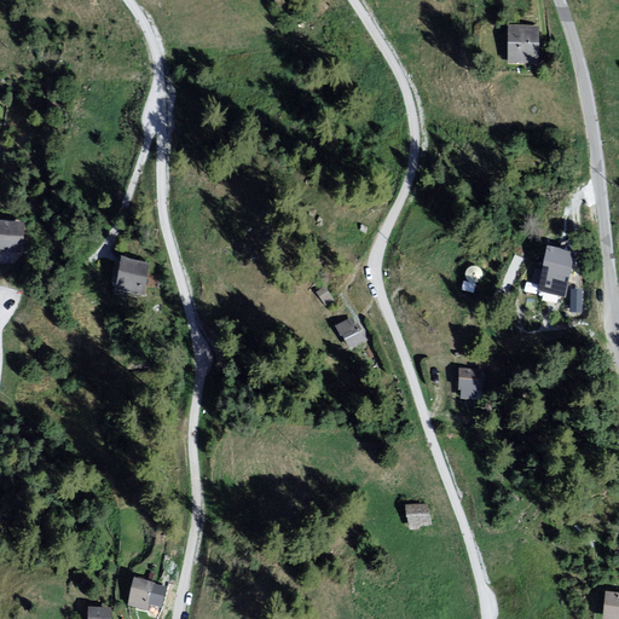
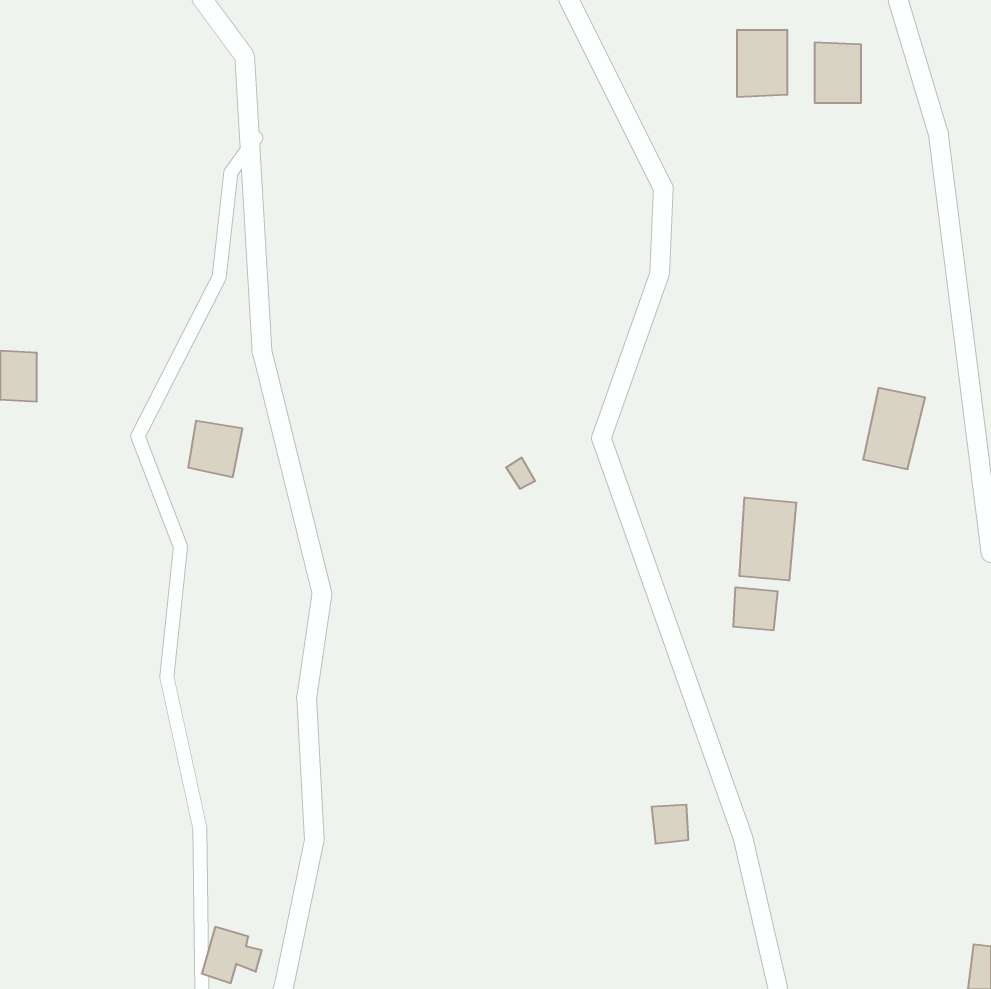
building: none -> [737,30,787,97]
building: none -> [740,497,796,581]
building: [335,314,368,348] -> none

